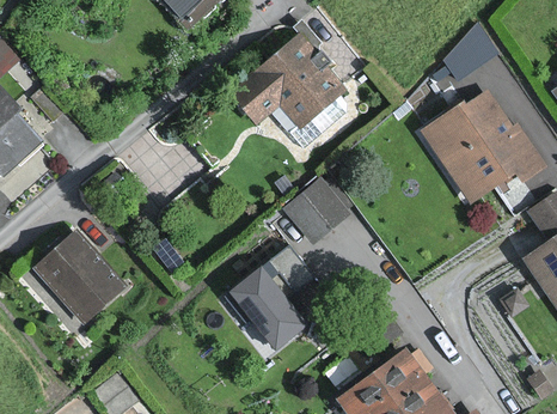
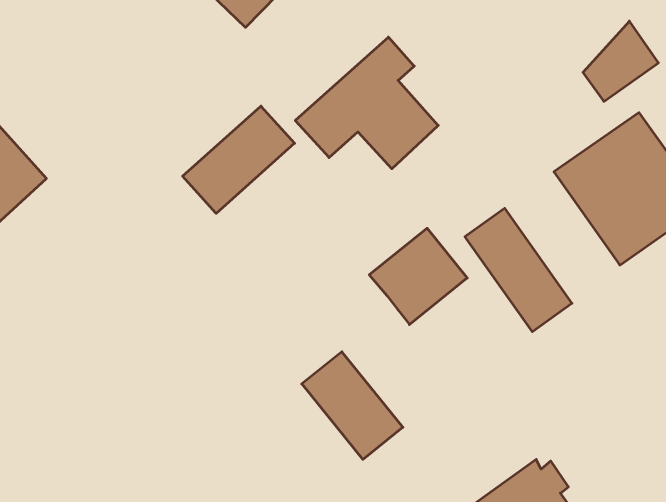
building: none -> [183,106,295,213]
building: none -> [465,208,572,332]
building: [32,232,122,323] -> none

